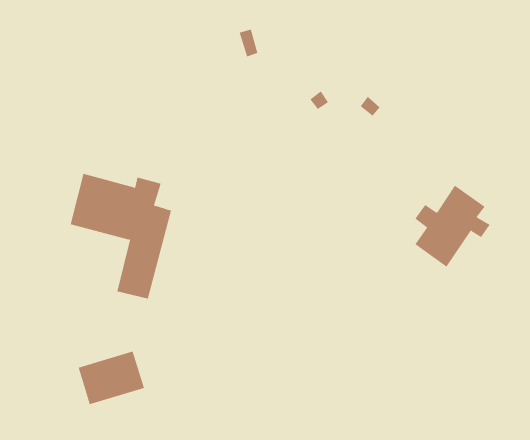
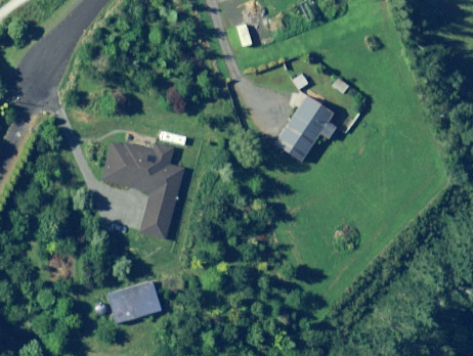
building: [415,185,491,267] -> [275,96,336,162]

